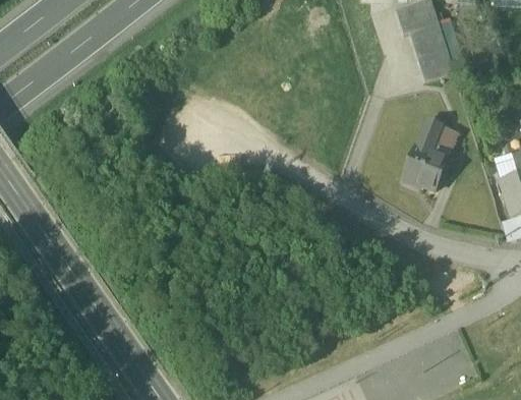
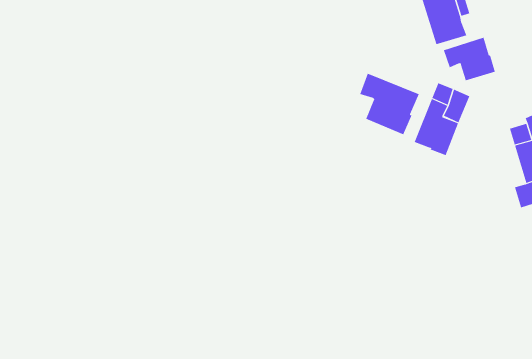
building: none -> [443,37,496,81]
building: none -> [359,73,420,135]

